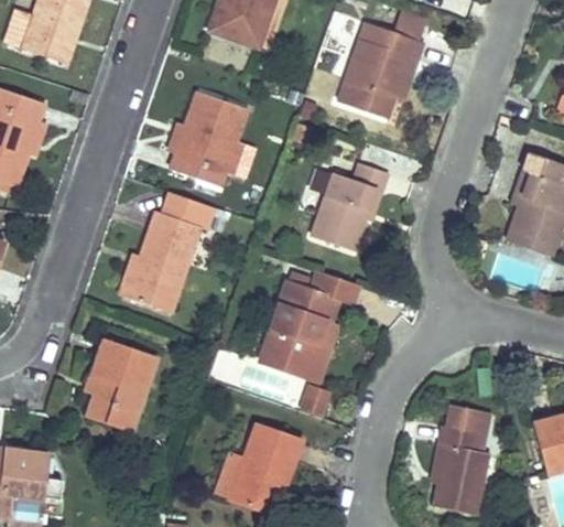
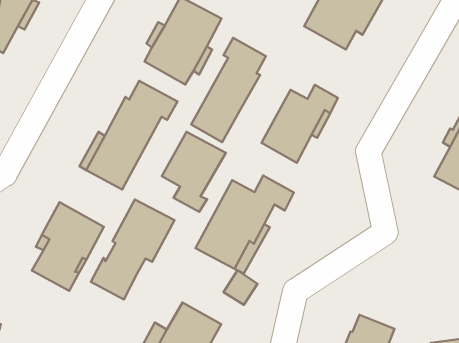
building: none -> [191,38,266,142]
building: none -> [162,132,226,212]
building: none -> [91,199,175,299]

